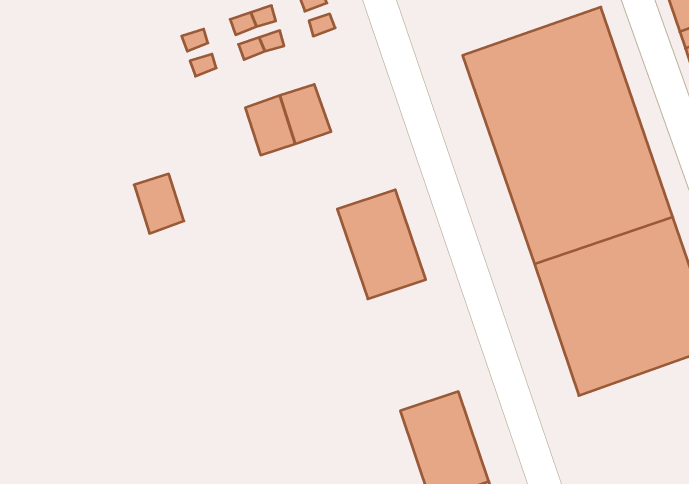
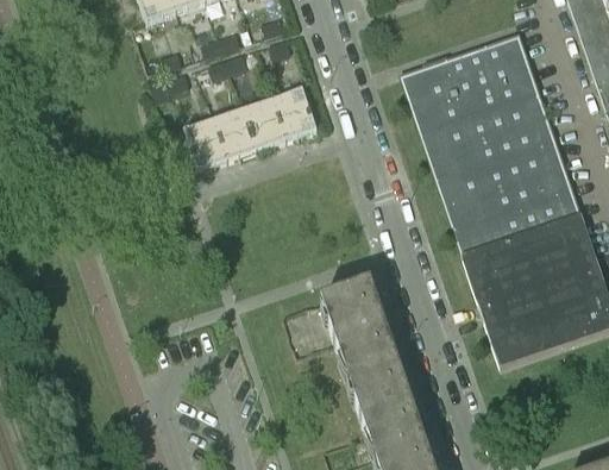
building: none -> [272,87,316,138]
building: [134,174,184,233] -> [183,118,226,169]
building: [337,190,426,299] -> [320,284,396,378]

